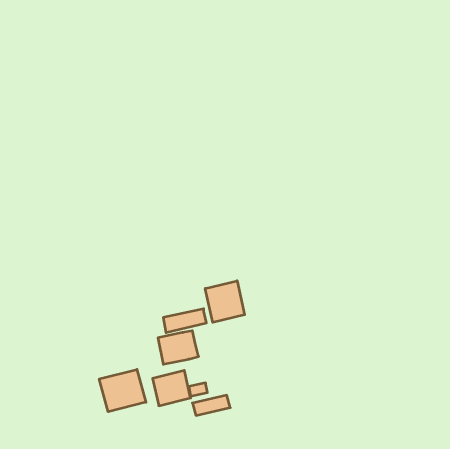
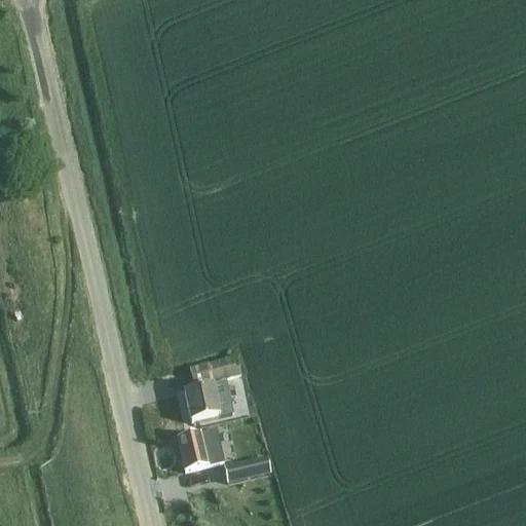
building: [205,281,245,322] -> none
building: [99,369,146,412] -> none

